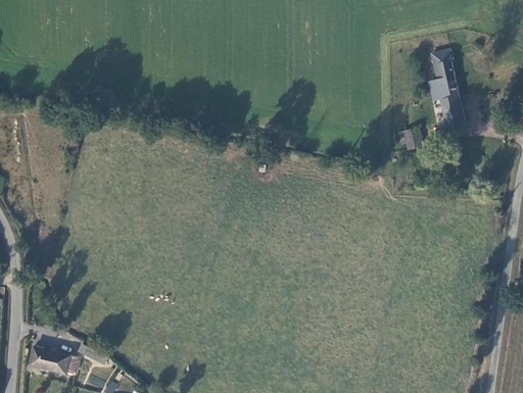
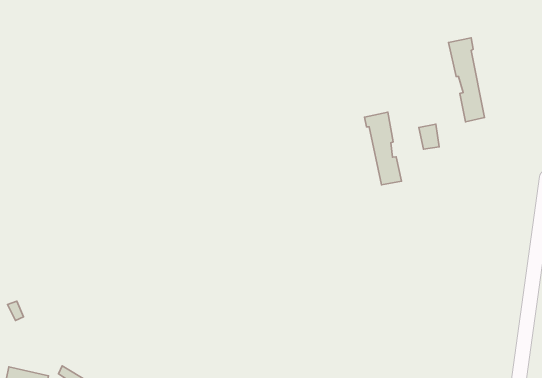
building: none -> [364,112,402,185]

